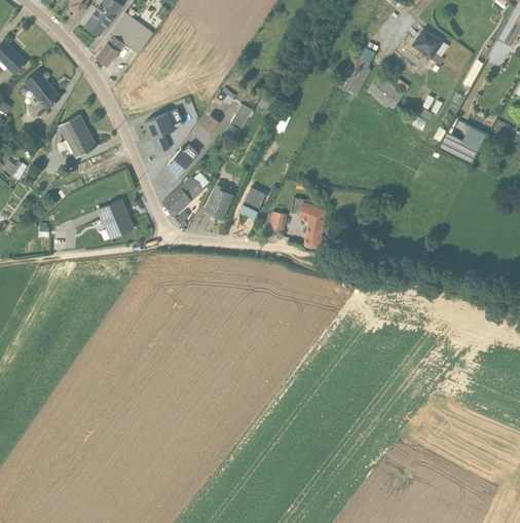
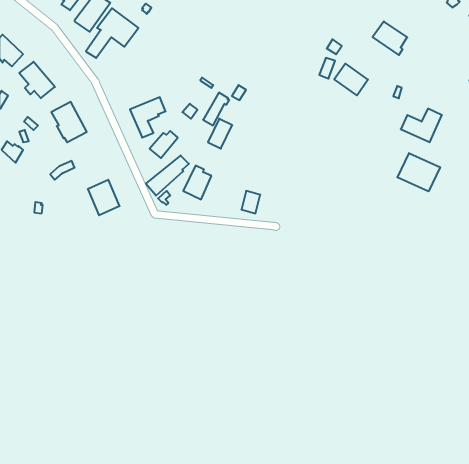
building: none -> [397,153,440,191]
building: [238,187,265,220] -> [208,119,232,149]
building: [291,198,327,246] -> none

